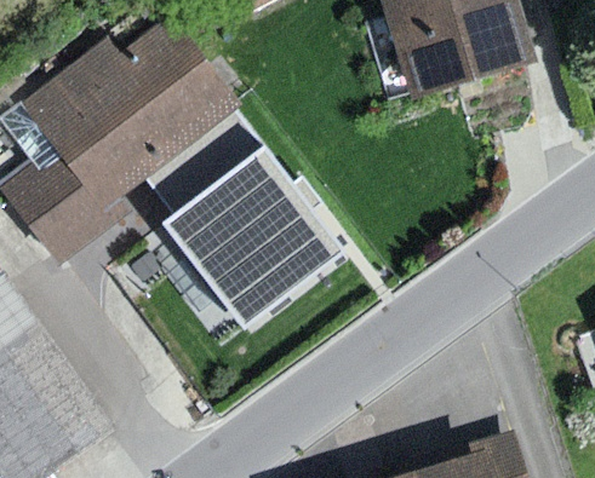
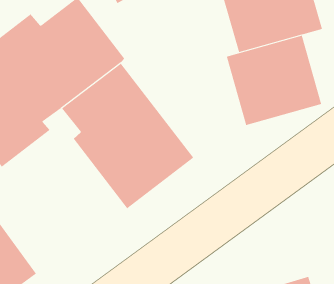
building: none -> [226,35,322,126]

